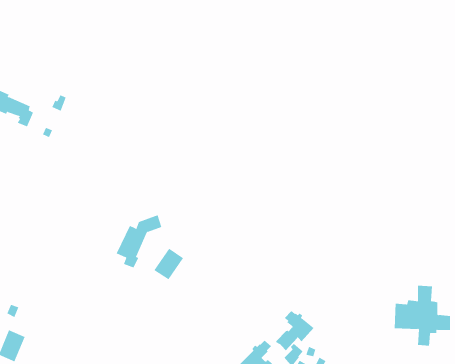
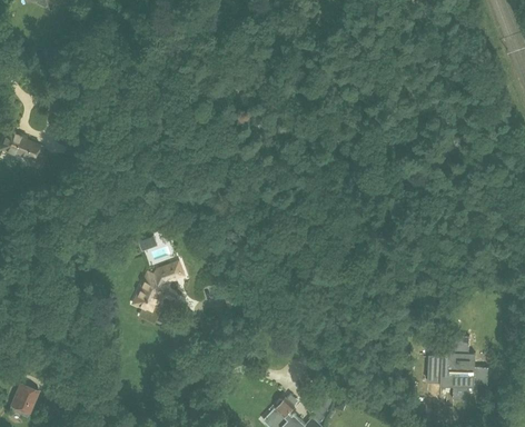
building: [154,248,184,280] -> none
building: [275,310,314,351] -> none

